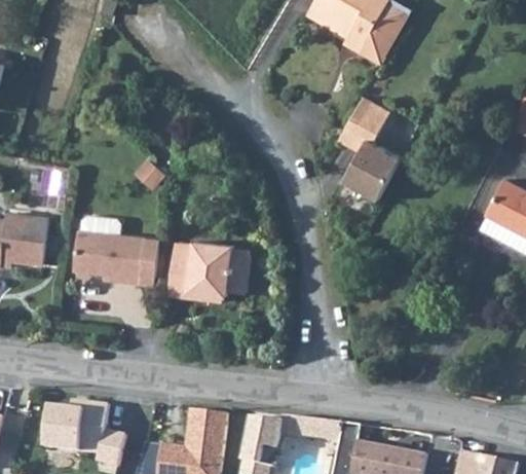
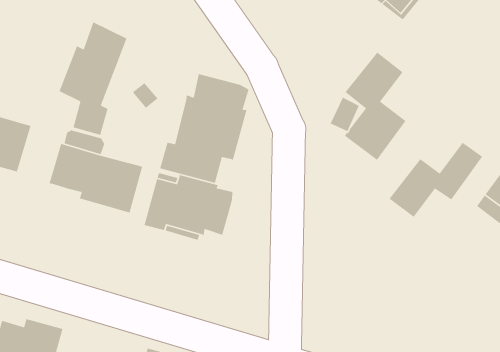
building: none -> [59,21,127,136]
building: none -> [159,73,250,184]
building: none -> [389,142,483,218]

